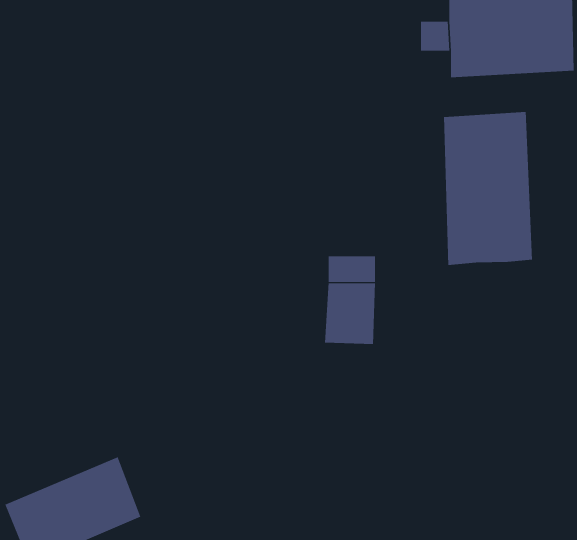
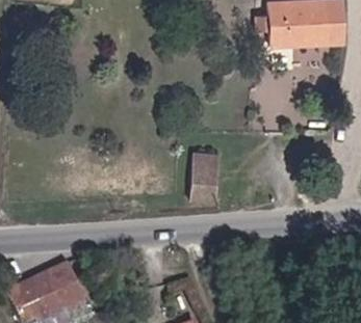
building: [443,111,532,266] -> none

